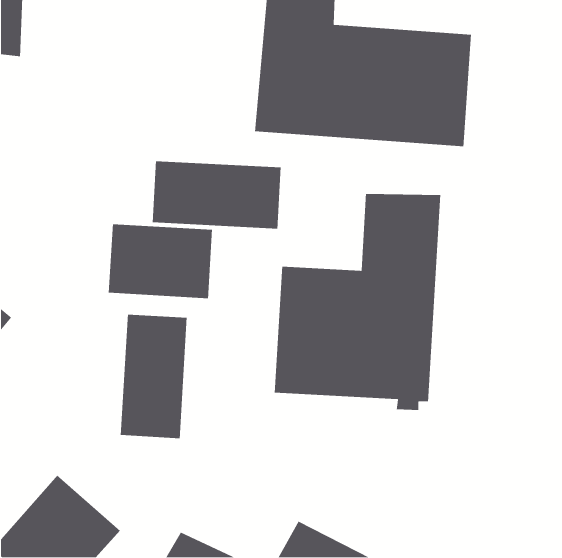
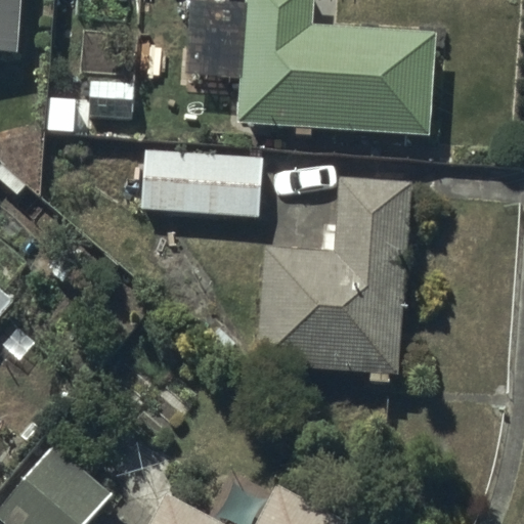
building: [108,223,213,299] -> none
building: [120,314,188,439] -> none

